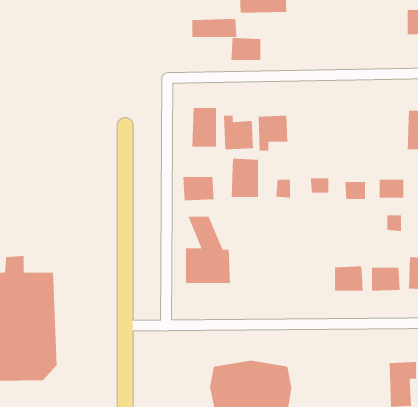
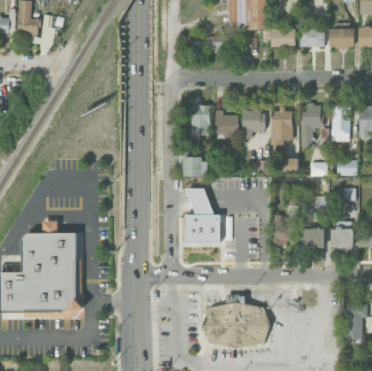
building: none -> [299,28,324,47]
building: none -> [328,28,354,48]
building: [231,38,261,60] -> [270,28,294,46]
building: none -> [301,104,321,147]
building: none -> [331,106,350,141]
building: [231,158,259,198] -> [270,109,292,140]
building: none -> [272,216,293,244]

